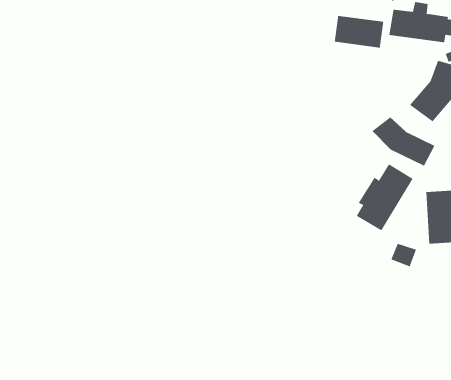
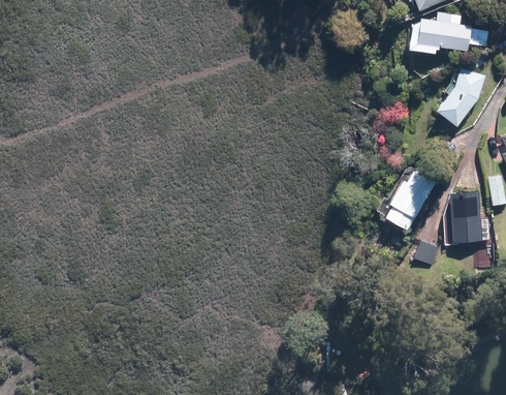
building: [334,15,384,48] -> none
building: [371,117,435,167] -> none

